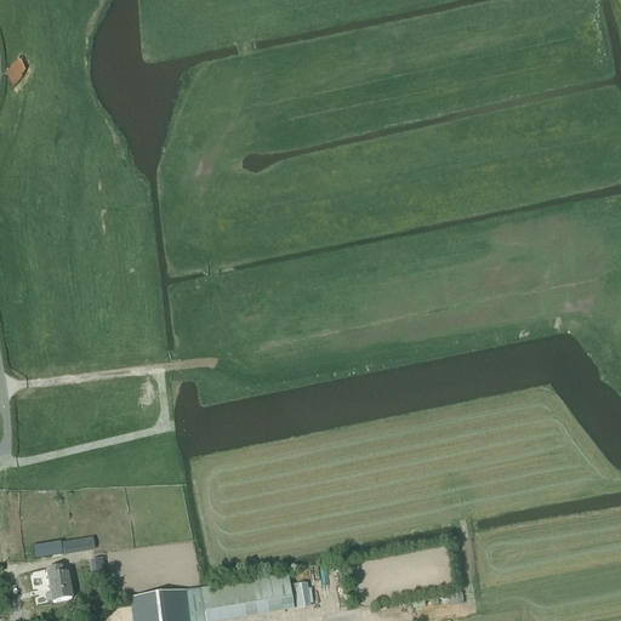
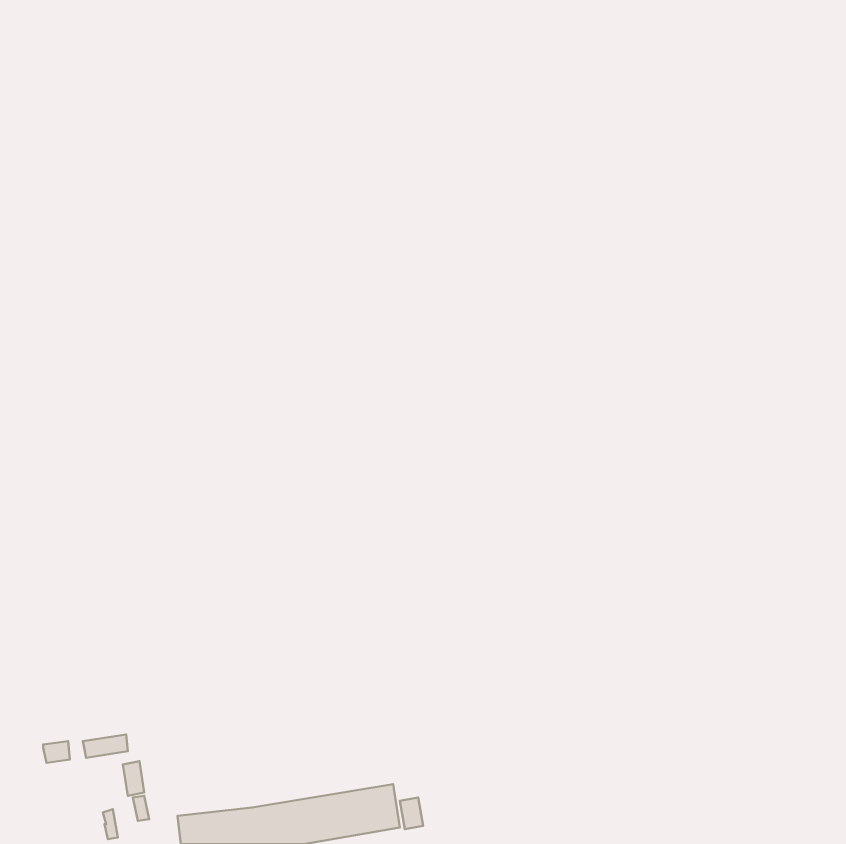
building: [47,565,72,602] -> none

